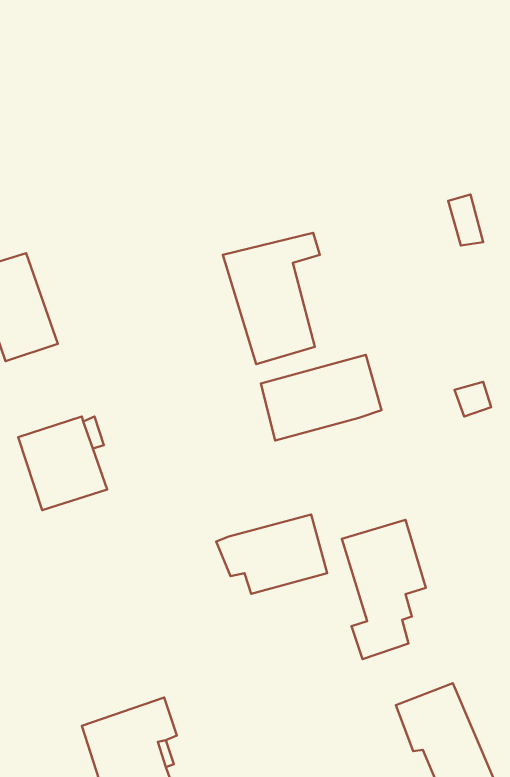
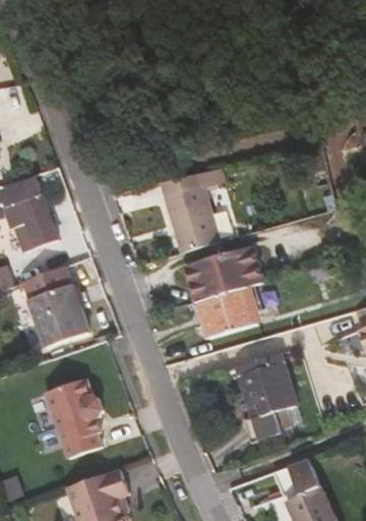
building: none -> [24,266,71,298]
building: [216,514,327,594] -> [187,286,258,337]
building: none -> [45,379,103,472]

